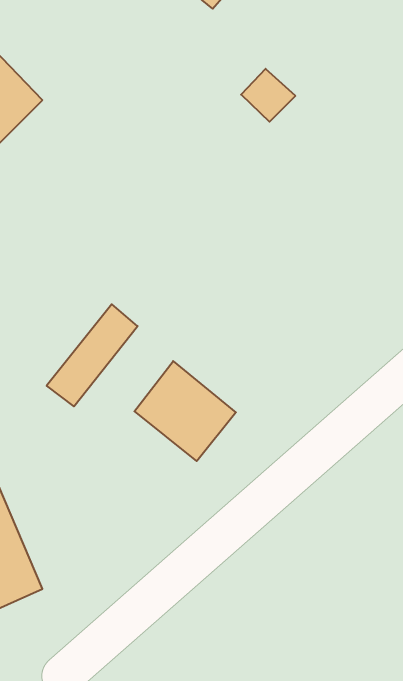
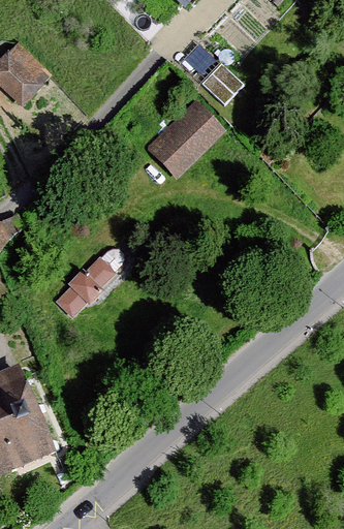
building: none -> [146,97,226,178]
building: [134,361,236,461] -> none

